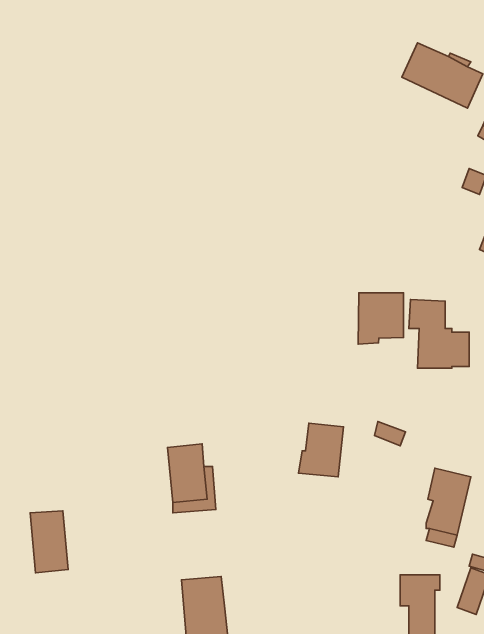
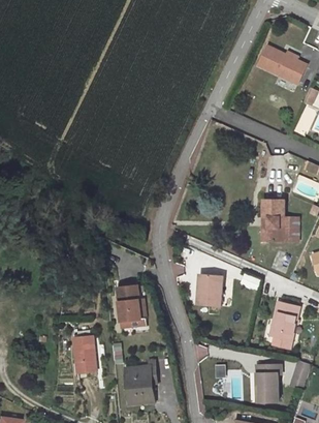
building: [358,293,404,344] -> none
building: [30,511,68,573] -> [74,336,97,373]

